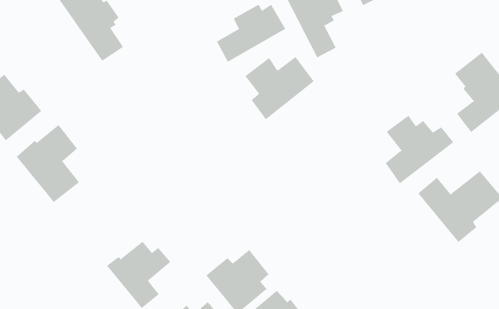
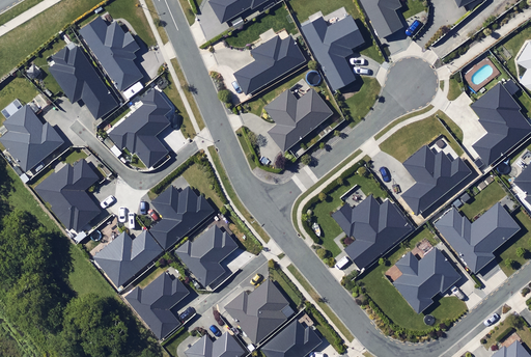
building: none -> [51,47,118,120]
building: none -> [110,89,173,168]
building: none -> [152,186,214,247]
building: none -> [333,196,409,268]
building: none -> [177,226,239,286]
building: none -> [95,230,164,286]
building: none -> [394,248,460,313]

